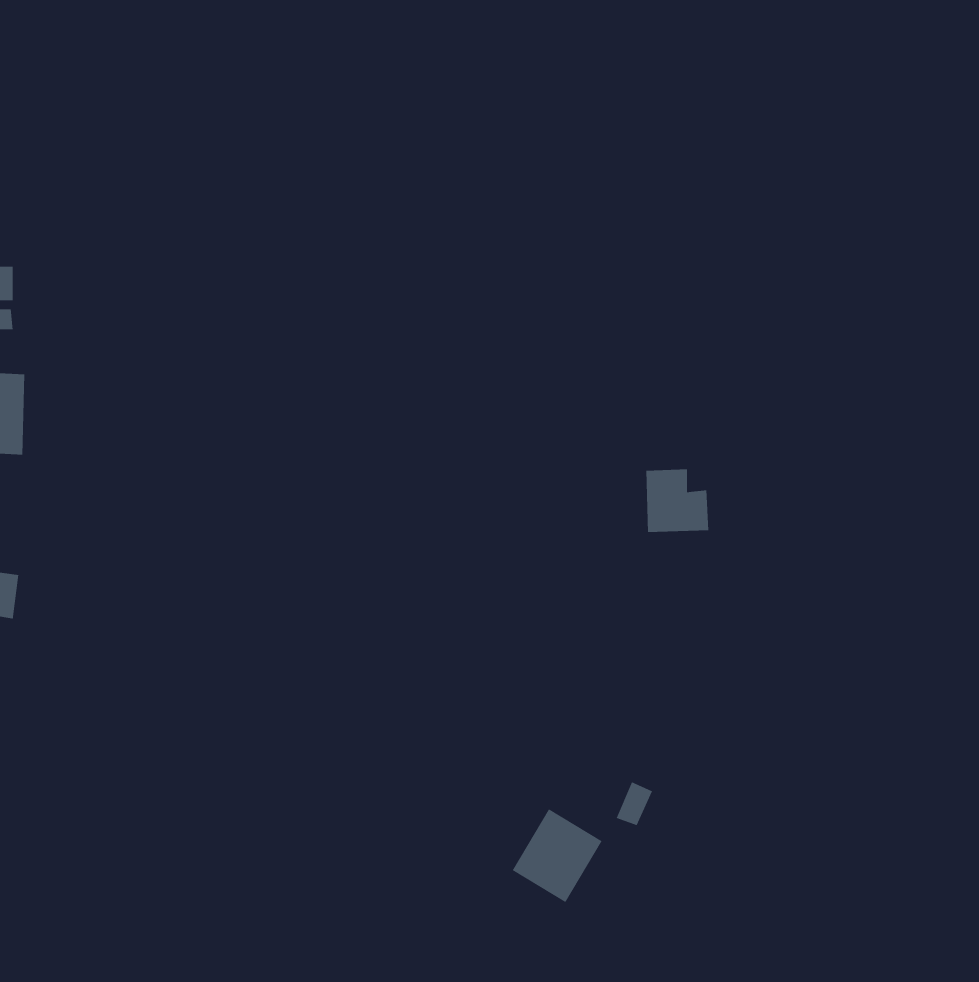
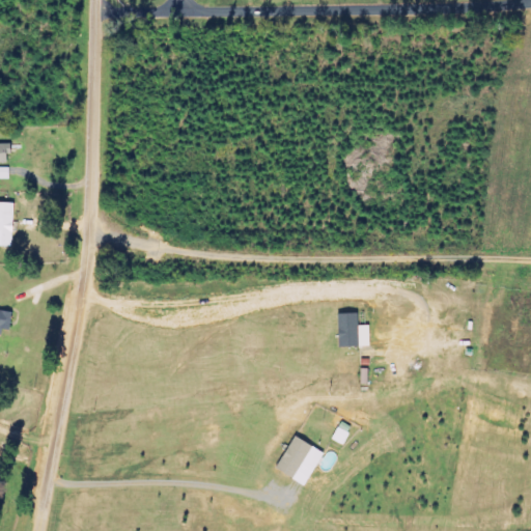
building: [645,469,709,532] -> [335,312,369,346]

